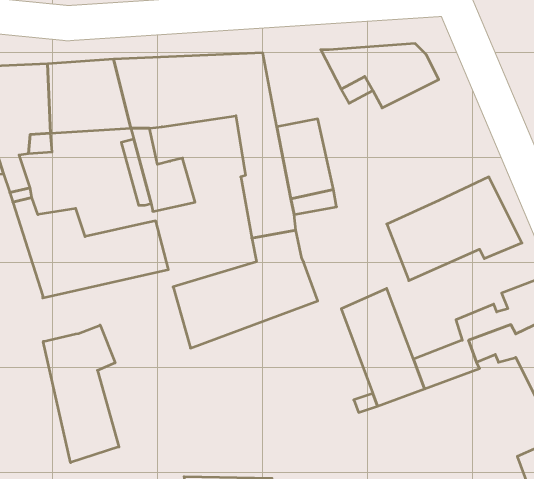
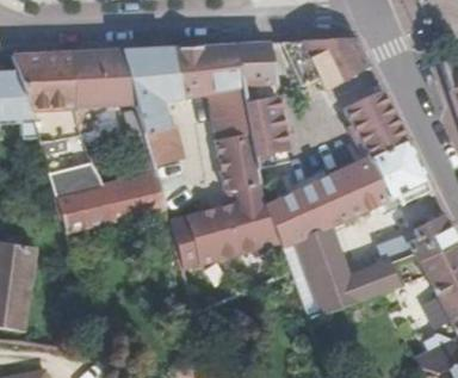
building: none -> [234,43,273,88]
building: none -> [344,88,406,156]
building: none -> [265,174,345,244]
building: [43,325,119,463] -> none

